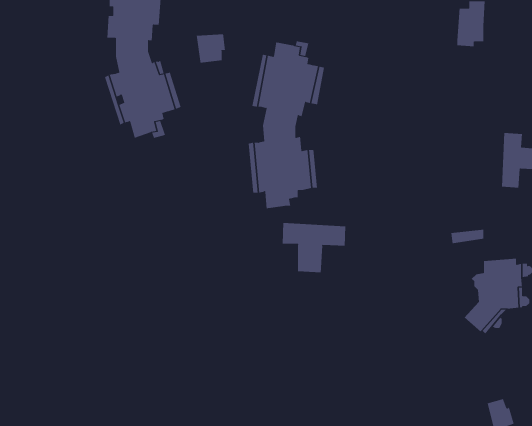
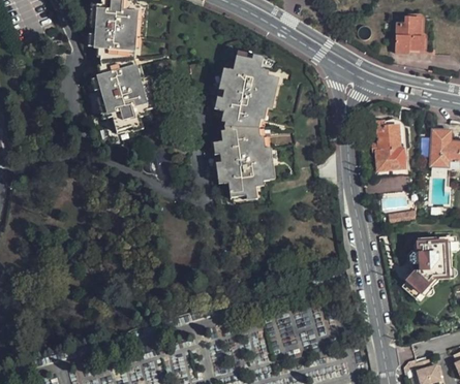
building: [196,33,225,63] -> none
building: none -> [370,119,401,171]
building: [282,222,346,273] -> none

